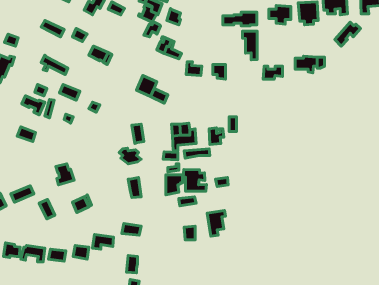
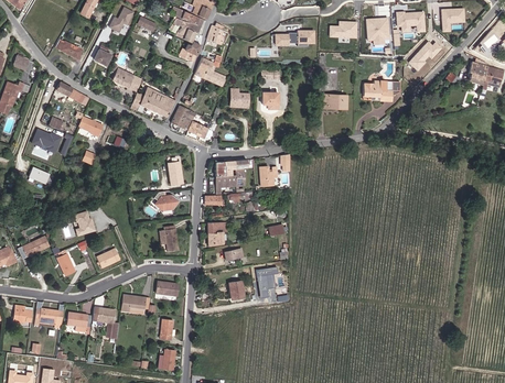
building: [242,31,257,60] -> none
building: none -> [131,87,175,117]
building: [183,170,206,191] -> none

